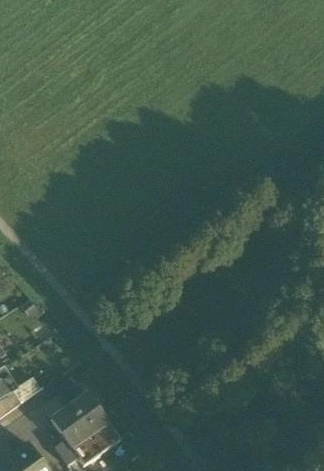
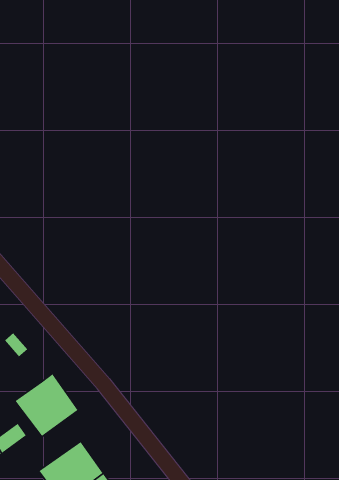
building: none -> [15,373,78,437]

